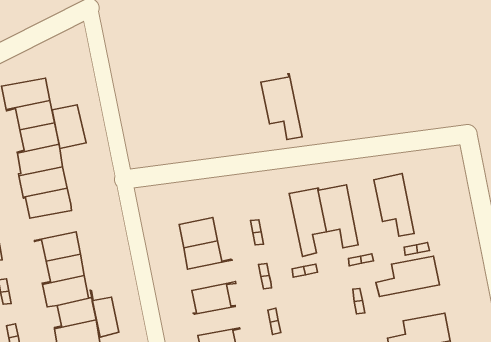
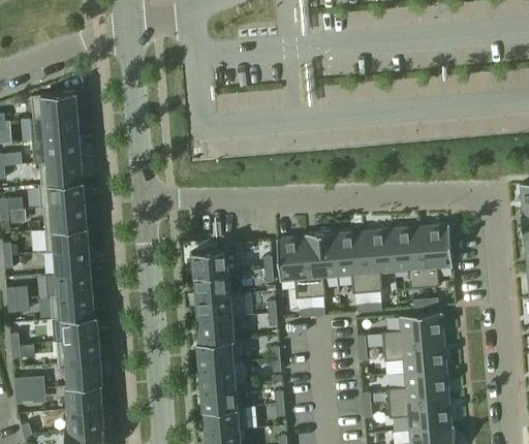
building: [261,74,302,140] -> [275,233,310,298]
building: [52,105,86,148] -> none
building: none -> [418,224,452,287]
building: none -> [362,229,394,292]
building: none -> [43,226,88,252]
building: none -> [194,293,241,319]
building: none -> [382,341,445,373]
building: [90,290,119,337] -> none
building: none -> [196,340,240,364]

